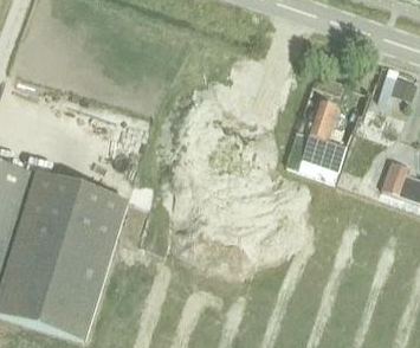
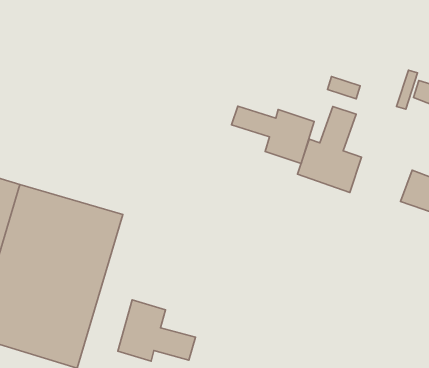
building: none -> [232,106,314,164]
building: none -> [118,300,196,361]

